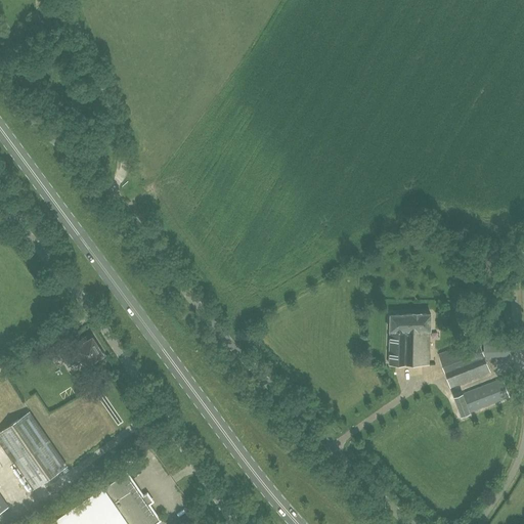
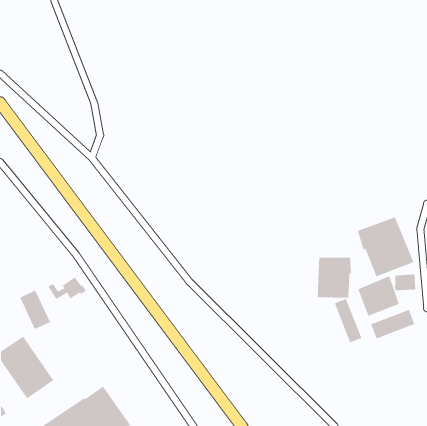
building: none -> [357,217,414,277]
building: none -> [20,290,51,330]
building: none -> [334,298,362,343]

